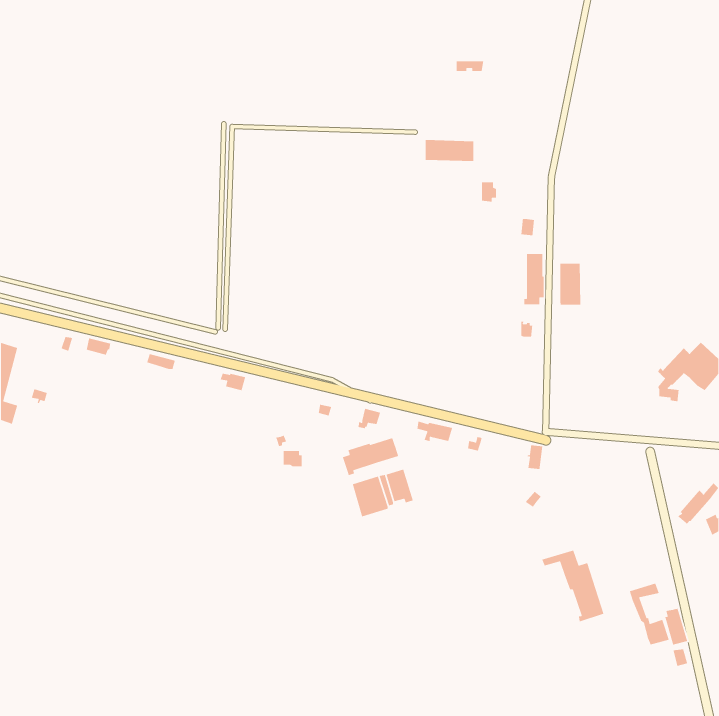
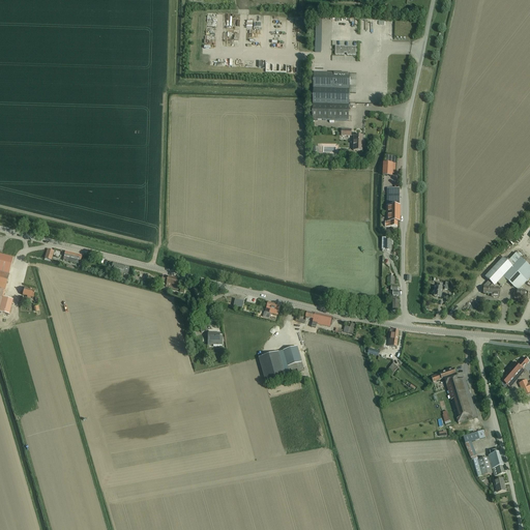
building: none -> [313,71,350,104]
building: [560,263,581,305] -> none
building: [342,437,399,476] -> none
building: [541,549,605,623] -> [431,367,477,421]

